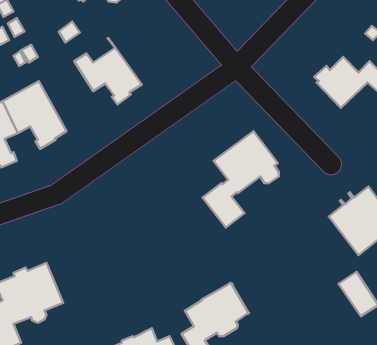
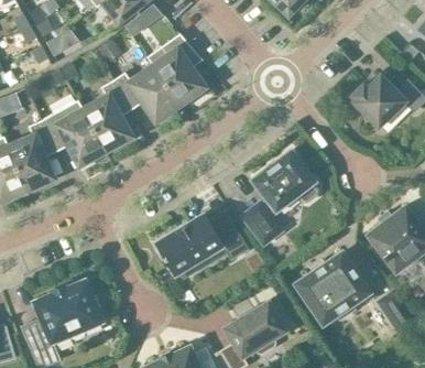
building: none -> [146,34,206,104]
building: none -> [83,80,133,150]
building: none -> [155,215,249,279]
building: none -> [295,251,370,325]

